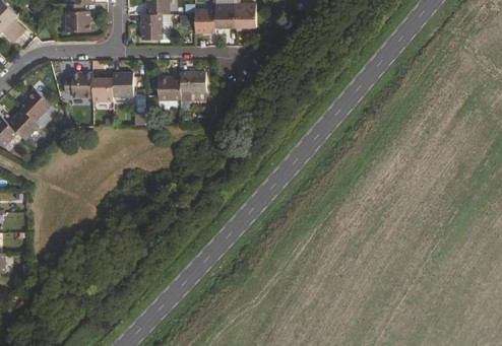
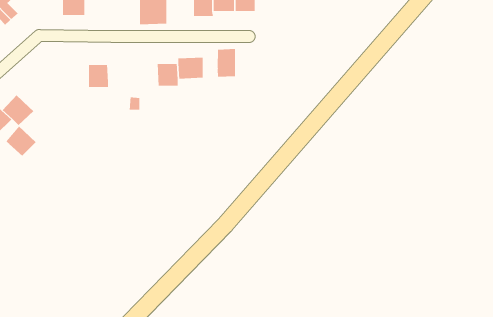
building: none -> [217,48,236,77]
building: [111,72,132,95] -> none
building: [64,73,91,96] -> none
building: [18,89,49,120] -> [5,125,37,157]

